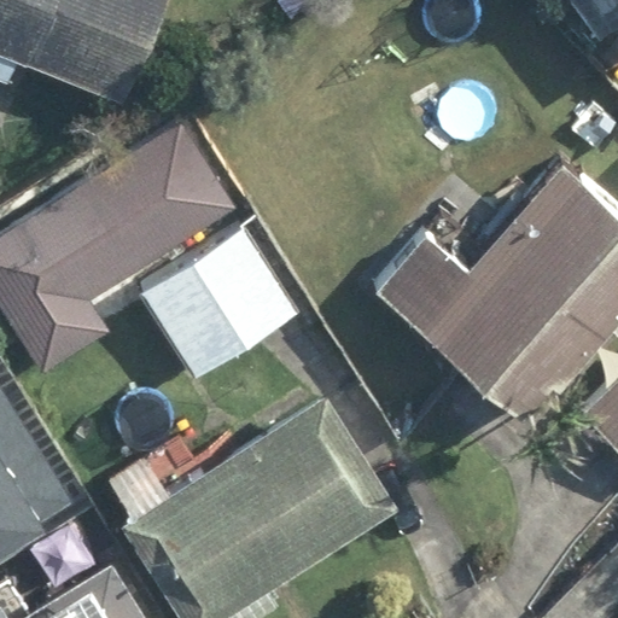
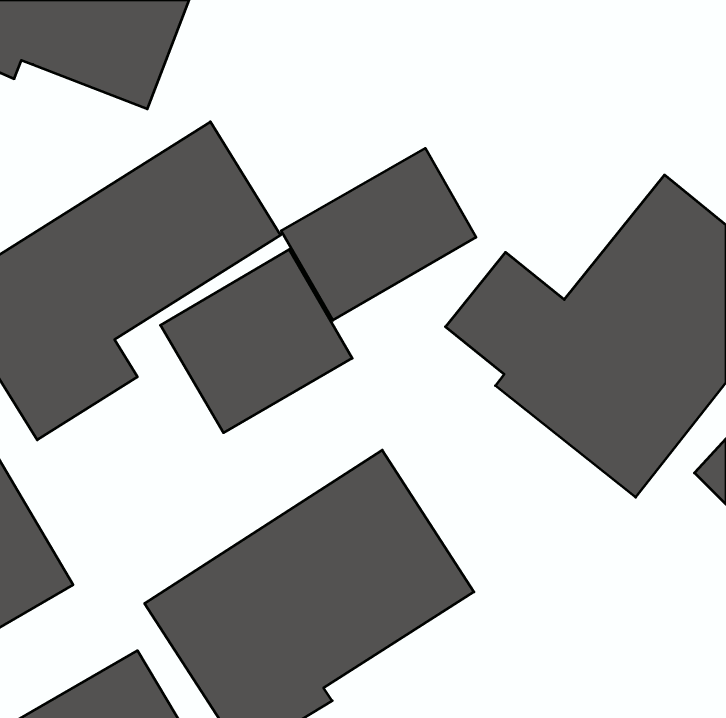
building: none -> [281,148,476,320]

